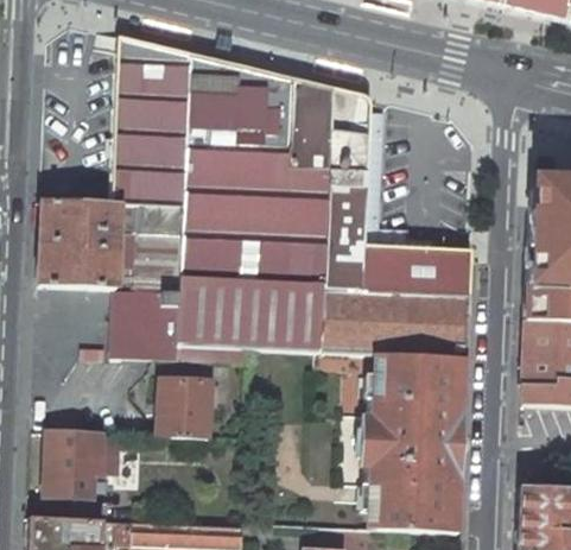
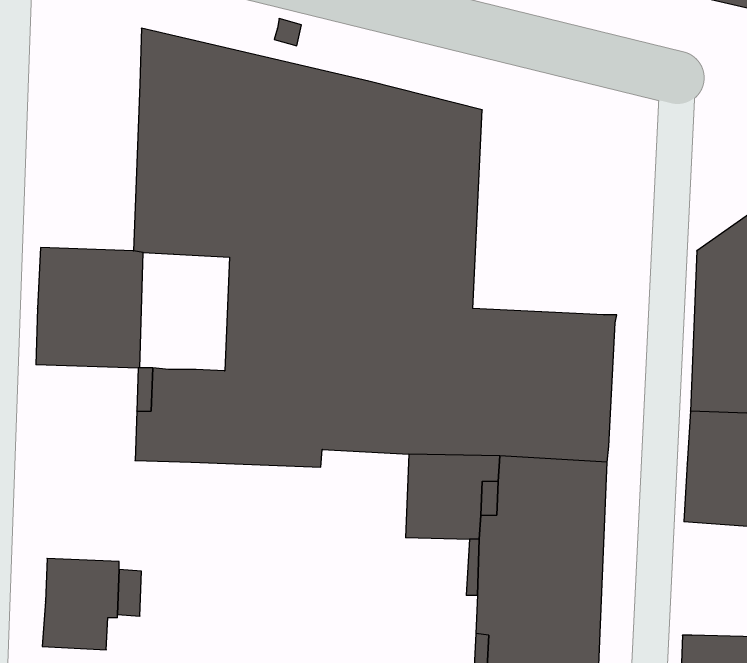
building: [140,203,185,290] -> none
building: [159,378,215,437] -> none

